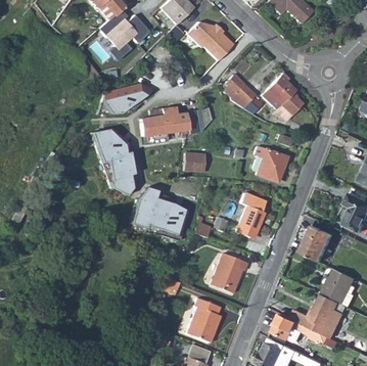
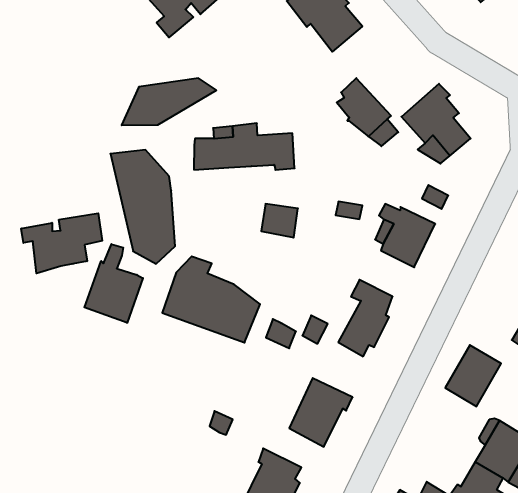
building: none -> [21,213,102,273]
building: none -> [84,244,143,323]

